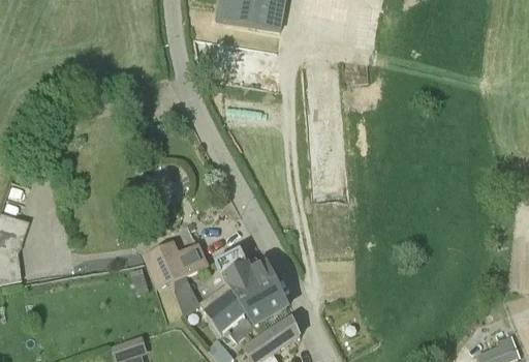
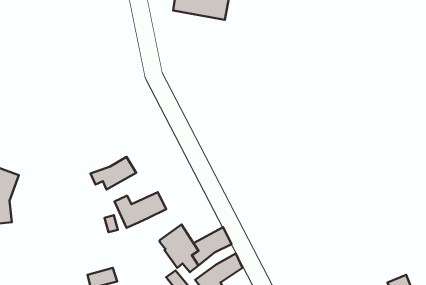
building: none -> [91,157,136,189]
building: [216,247,277,304] -> none
building: [175,273,200,314] -> none

